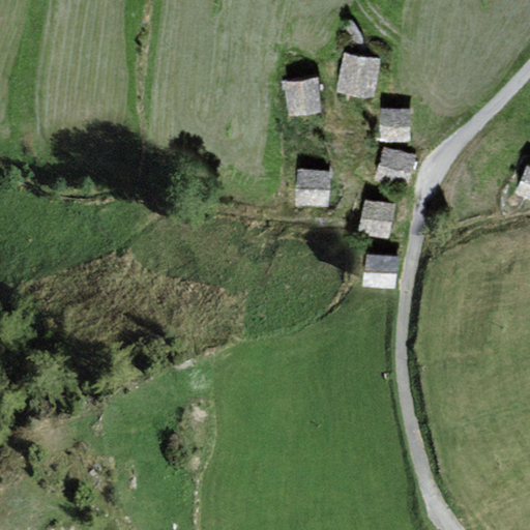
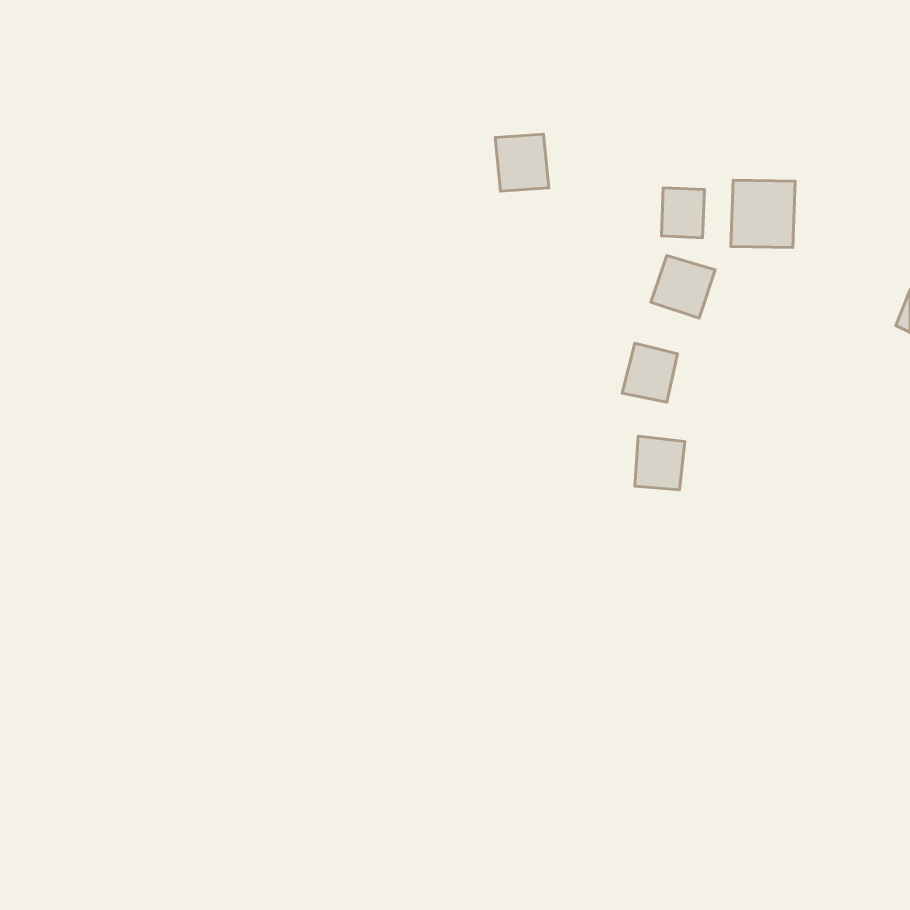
building: [340,55,378,91] -> none
building: none -> [731,180,795,247]
building: [297,168,328,204] -> none

